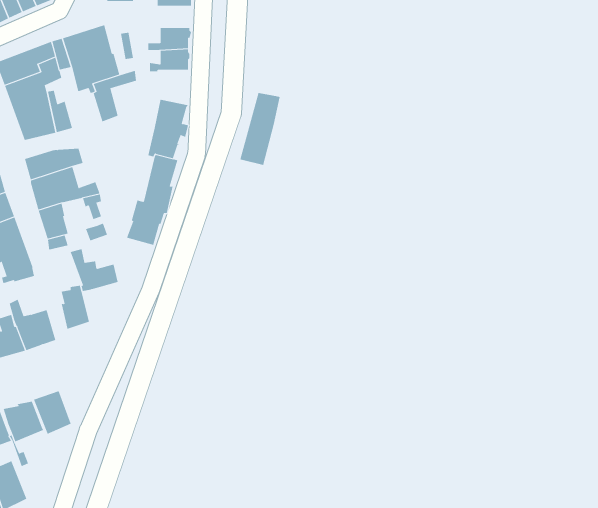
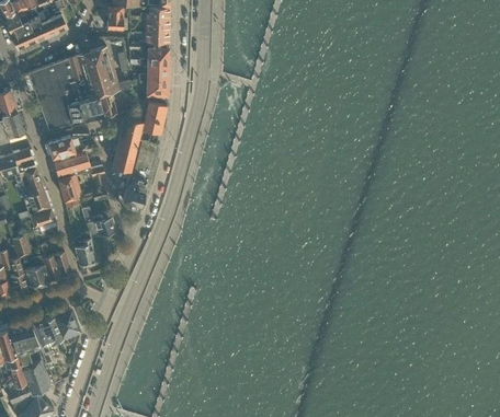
building: none -> [129,34,170,50]
building: none -> [146,80,169,105]
building: none -> [79,93,105,121]
building: [239,92,281,166] -> [113,118,143,171]

